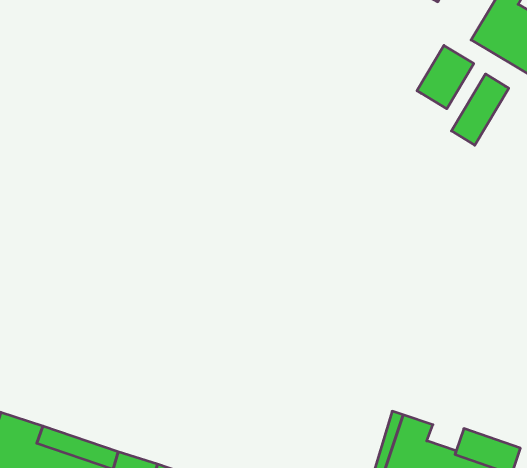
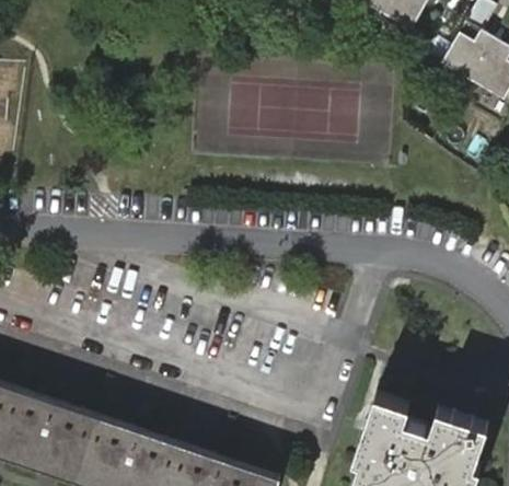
building: [417,45,474,109] -> none
building: [451,74,509,145] -> none

